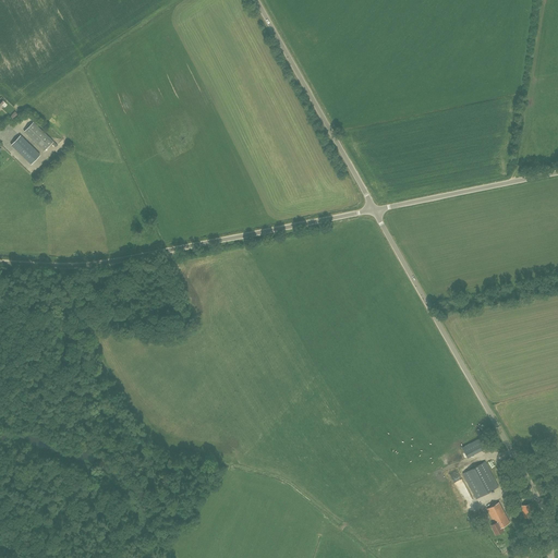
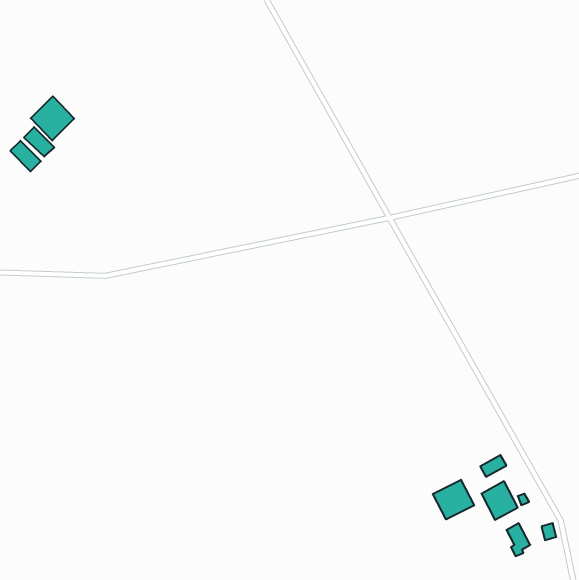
building: none -> [31,96,74,141]
building: none -> [433,480,474,519]

